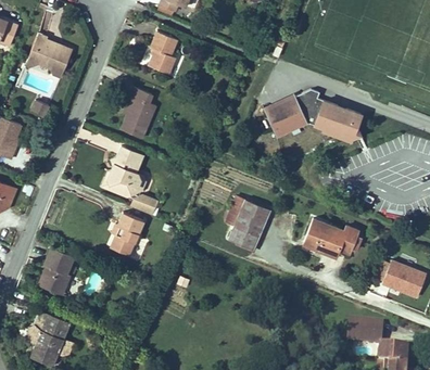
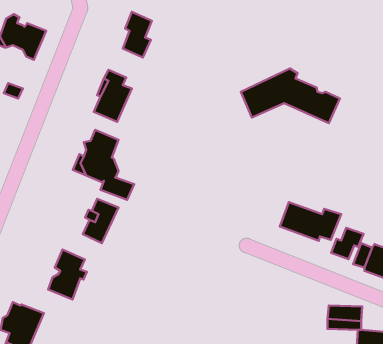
building: [229,199,267,246] -> none
building: none -> [331,228,363,259]
building: [37,248,75,297] -> [48,250,87,300]

